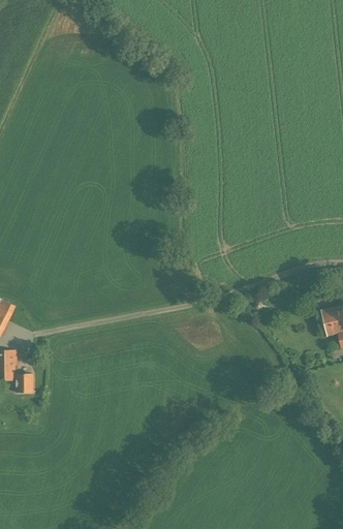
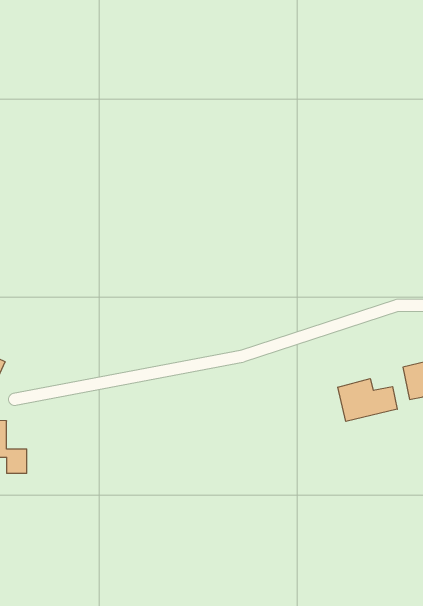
building: none -> [338,379,397,421]

